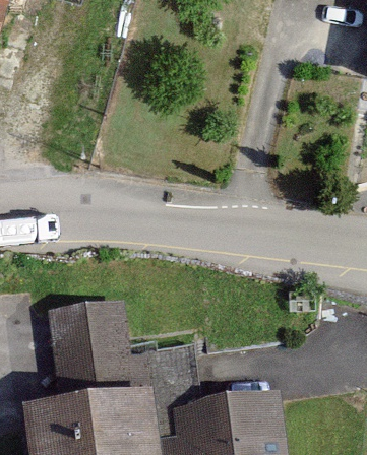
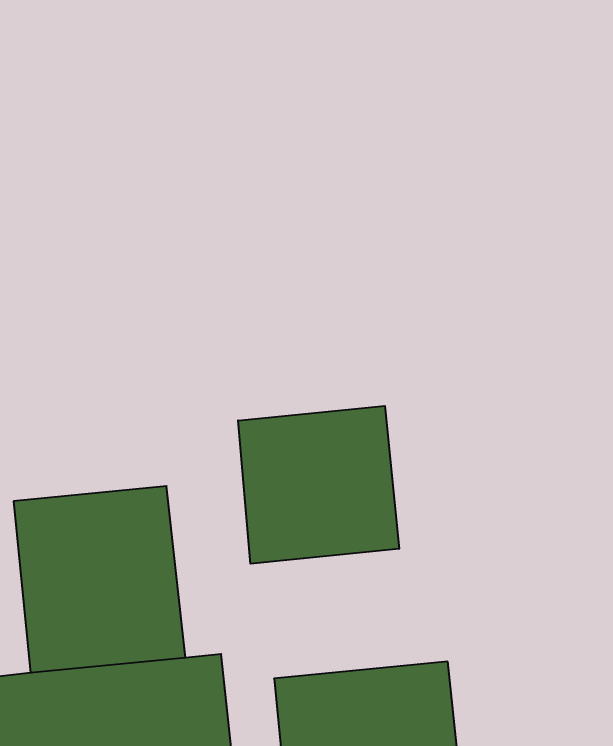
building: none -> [238,406,399,564]

